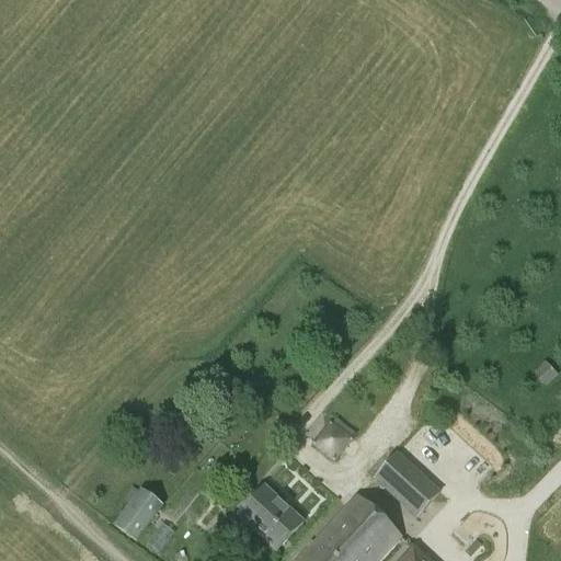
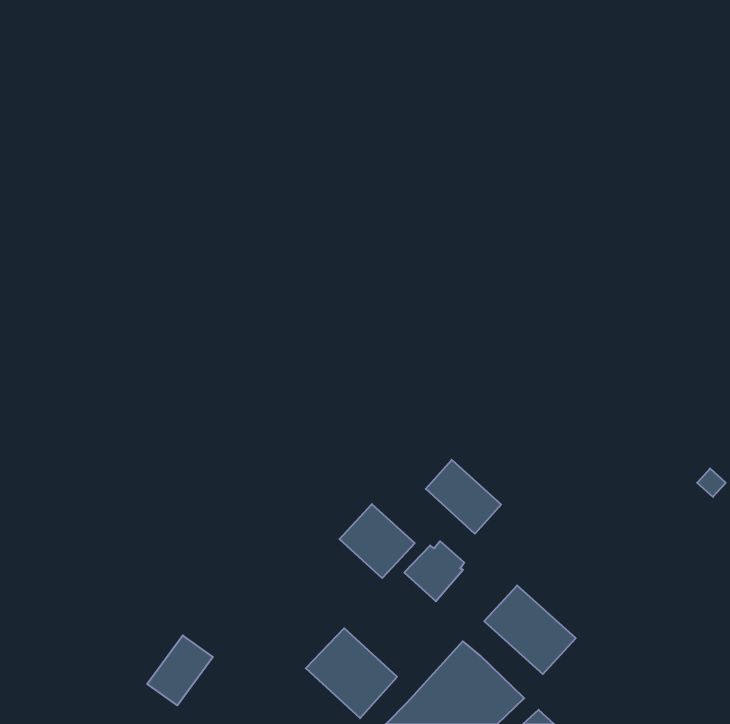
building: none -> [426,460,501,534]
building: none -> [339,504,415,578]

